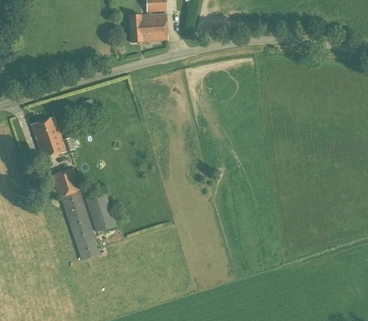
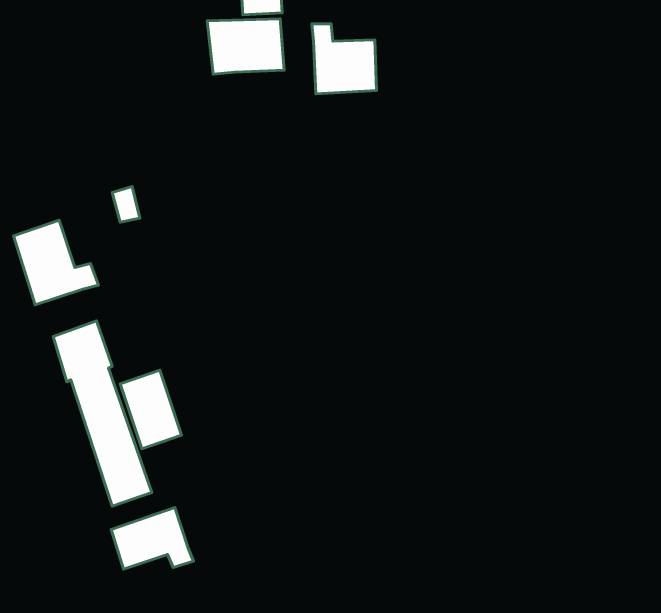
building: none -> [312,24,376,94]
building: none -> [111,507,194,569]

